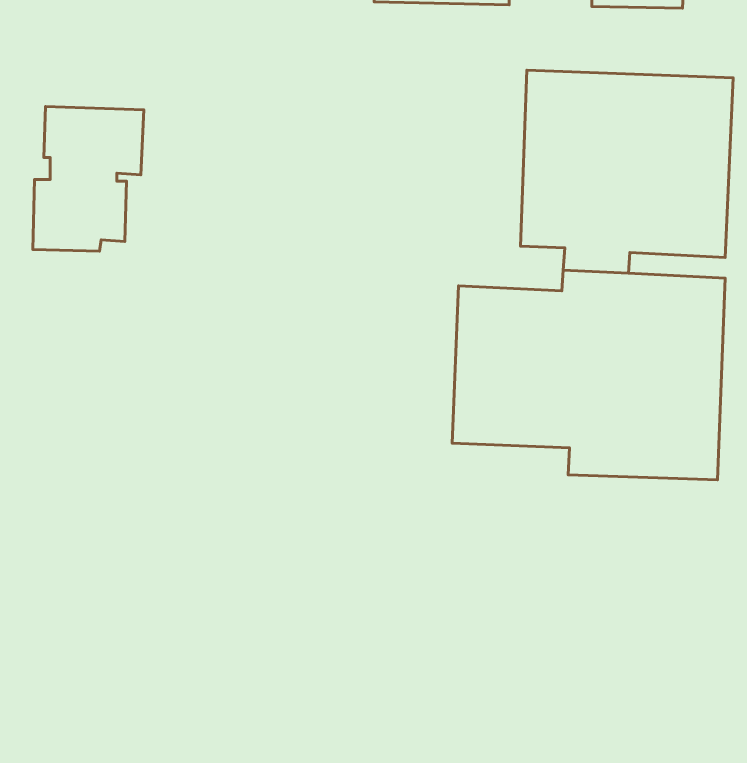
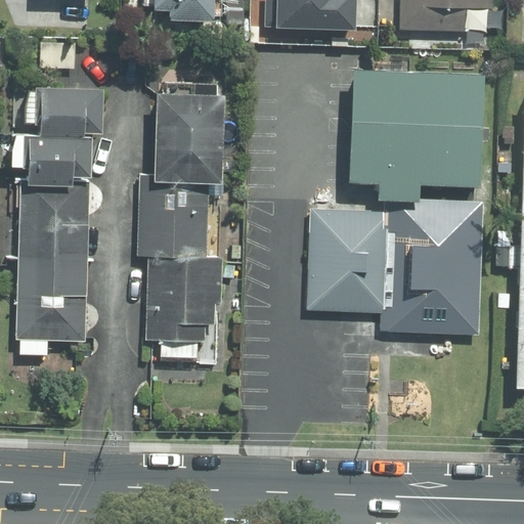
building: none -> [140,99,227,342]
building: none -> [18,188,90,343]

